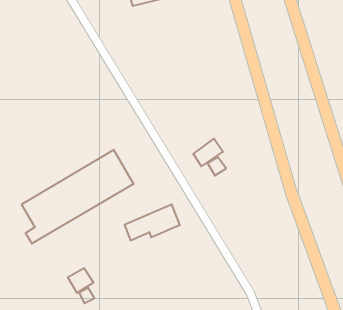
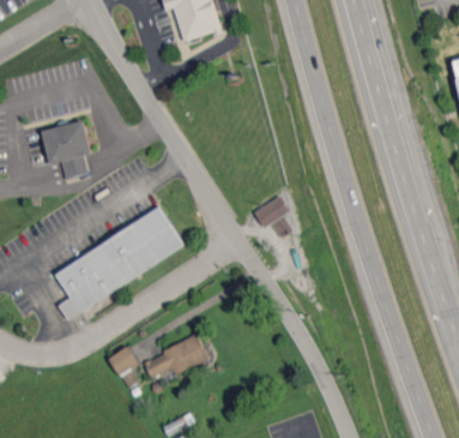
building: none -> [41,120,90,179]
building: [124,204,180,240] -> [141,335,206,377]

